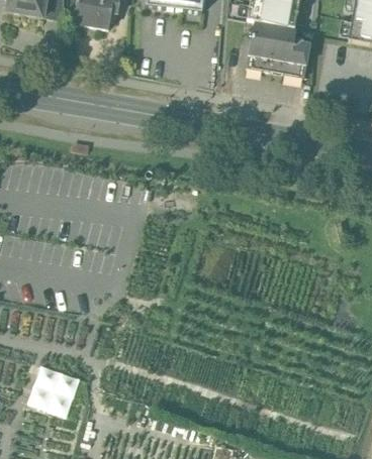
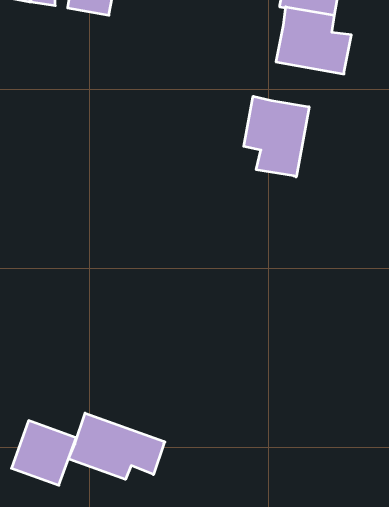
building: none -> [244,96,309,177]
building: none -> [69,413,165,479]

